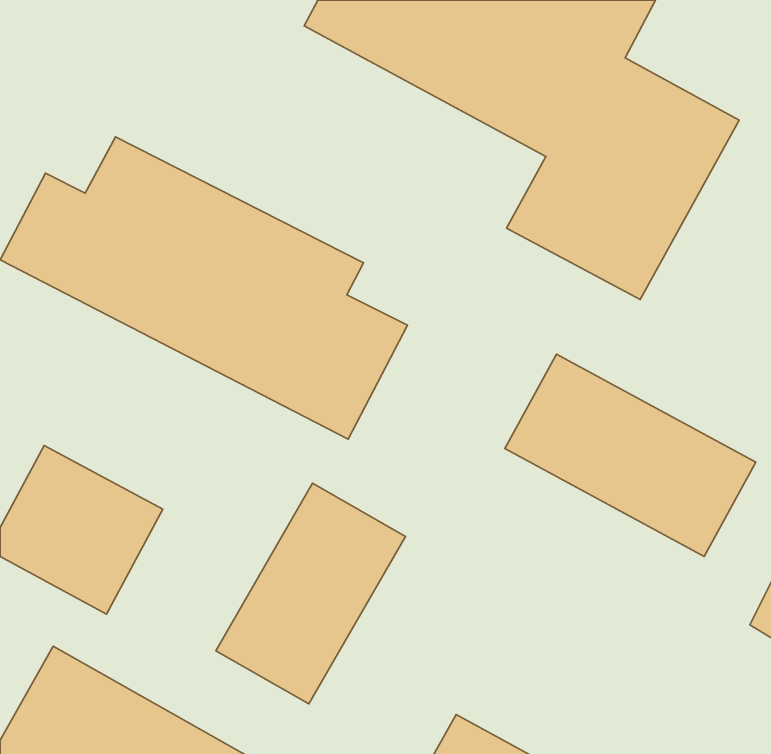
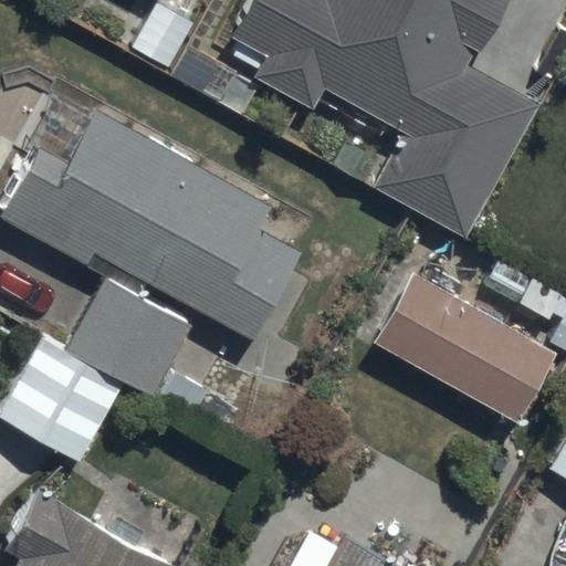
building: none -> [64,286,187,395]
building: [216,483,405,704] -> none

